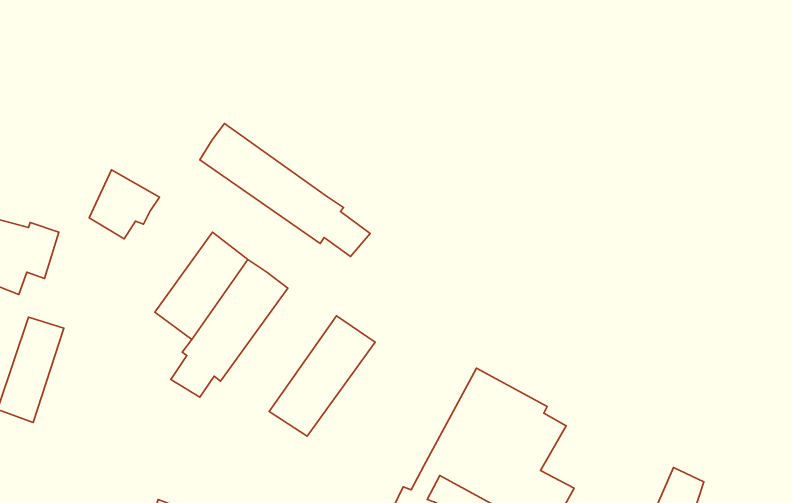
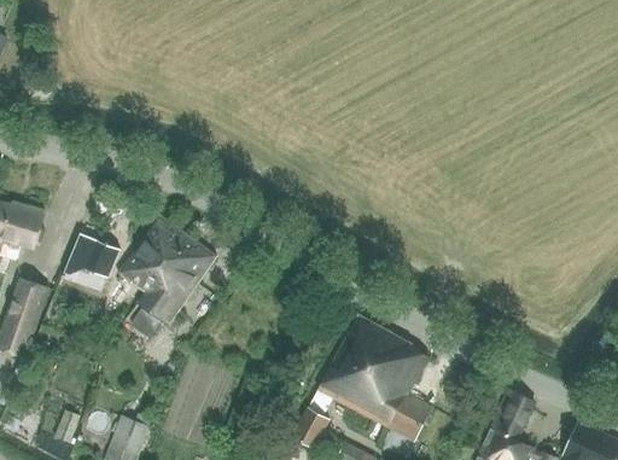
building: [200,123,370,256] -> none
building: [89,170,159,239] -> [64,237,117,289]
building: [269,316,375,436] -> none

